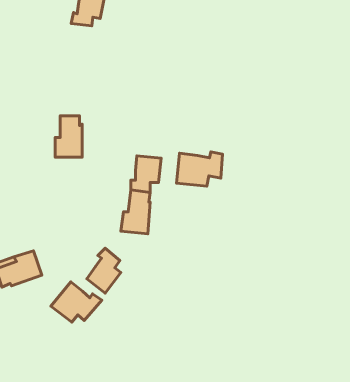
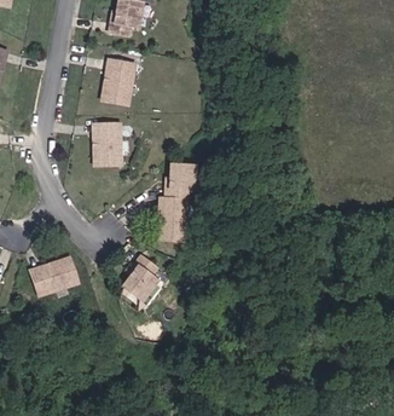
building: none -> [100,60,132,105]
building: [176,152,223,186] -> none
building: [51,282,102,322] -> none

